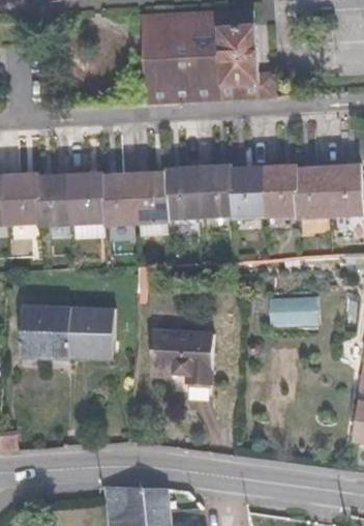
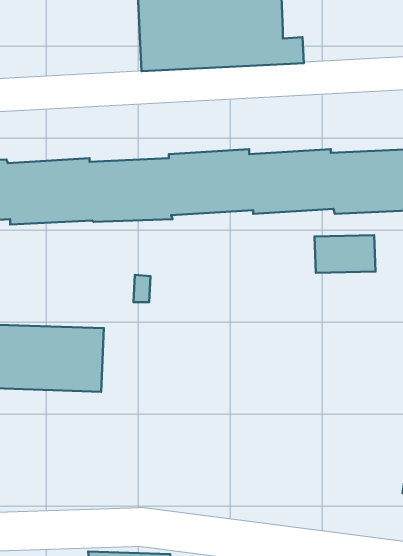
building: [268,295,316,325] -> [314,235,375,273]
building: [149,329,213,385] -> none

